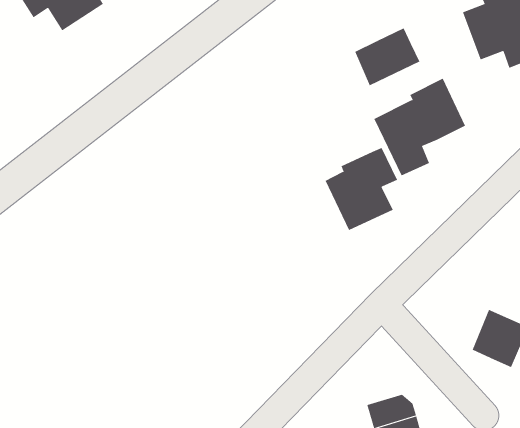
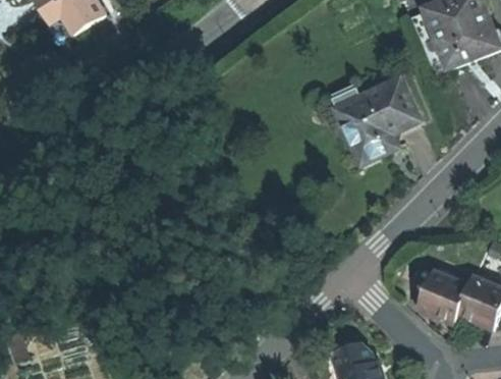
building: [355,28,420,86] -> none
building: [325,147,398,231] -> none

